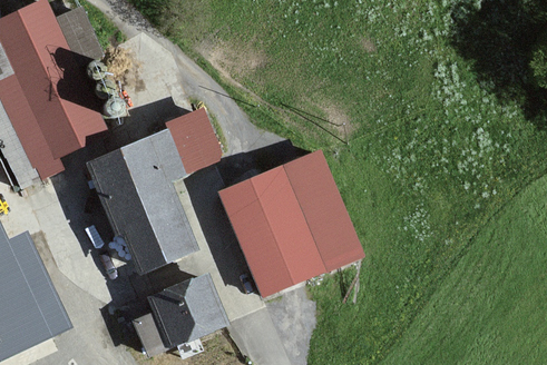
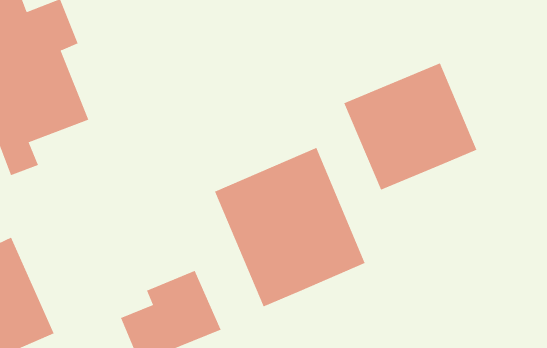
building: none -> [344,63,477,190]
building: [85,116,216,270] -> none

